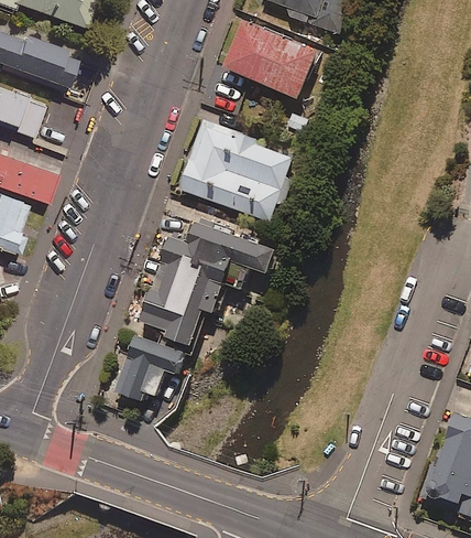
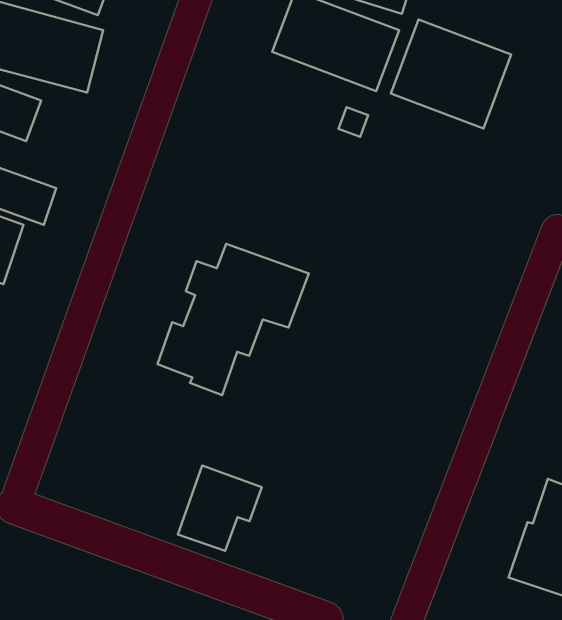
building: none -> [391,20,511,128]
building: [185,114,315,219] -> none
building: [112,334,180,404] -> [178,466,262,551]

